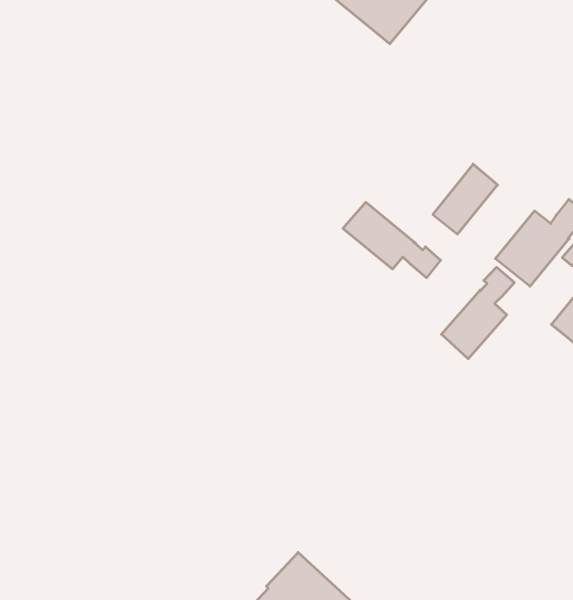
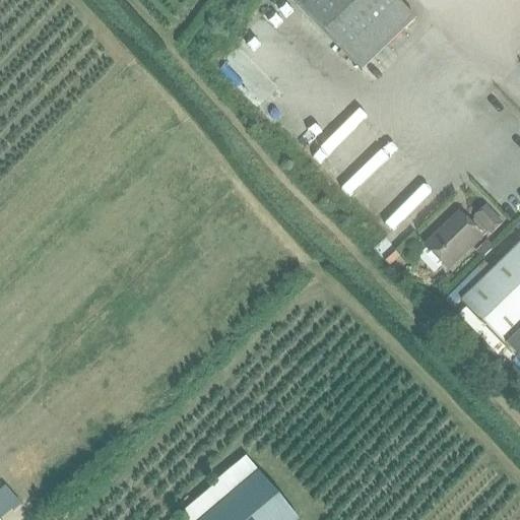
building: [343,202,441,278] -> none
building: [441,267,514,359] -> none

